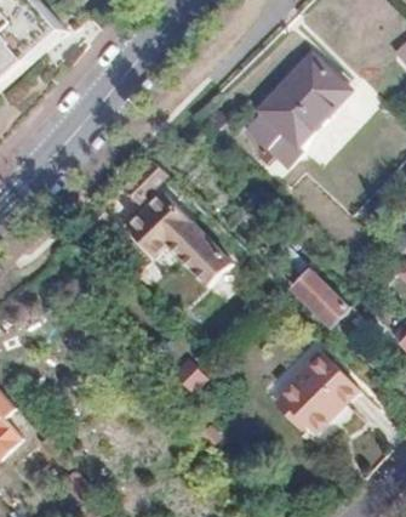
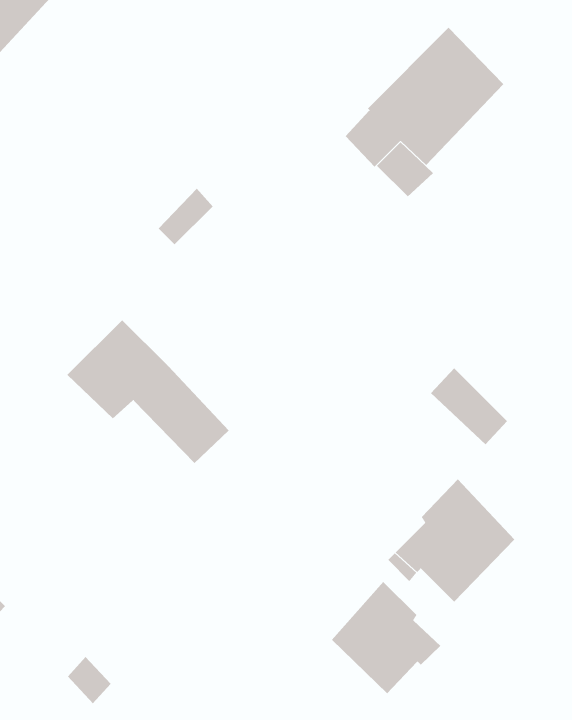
building: [126,199,233,294] -> [67,319,230,464]
building: none -> [331,581,441,694]

